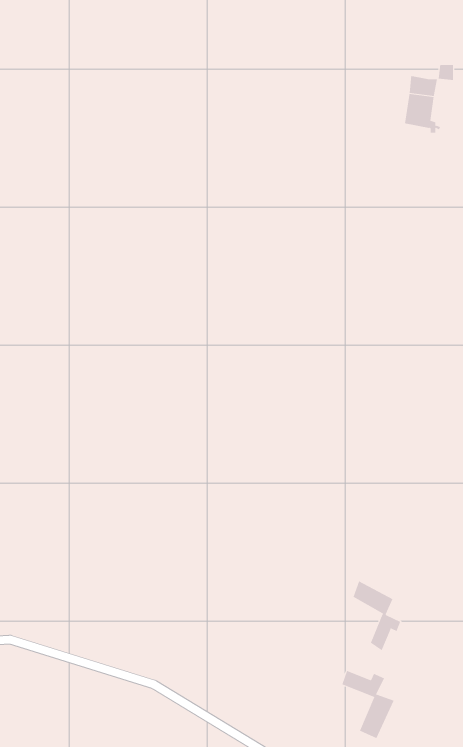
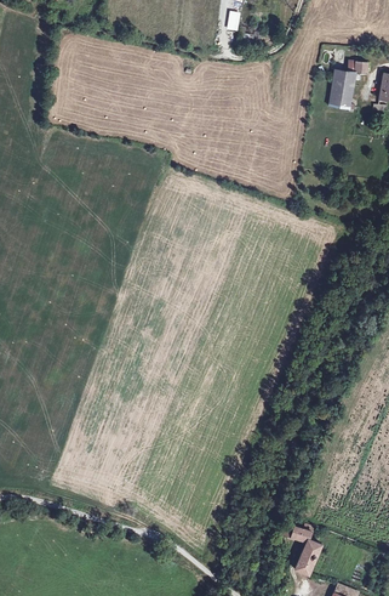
building: [353,581,401,651] -> none

